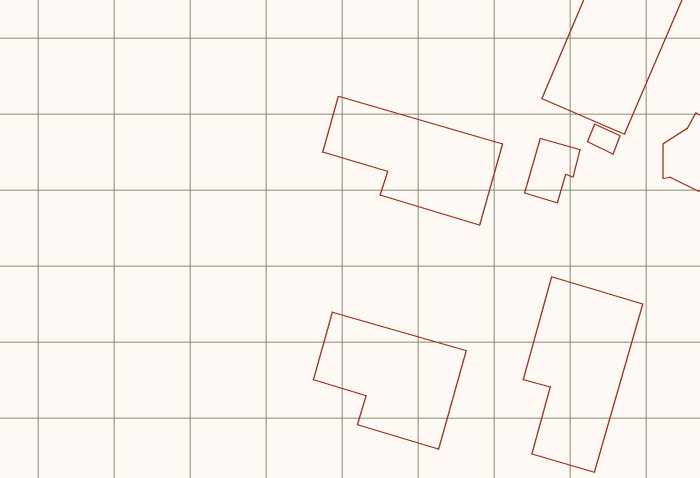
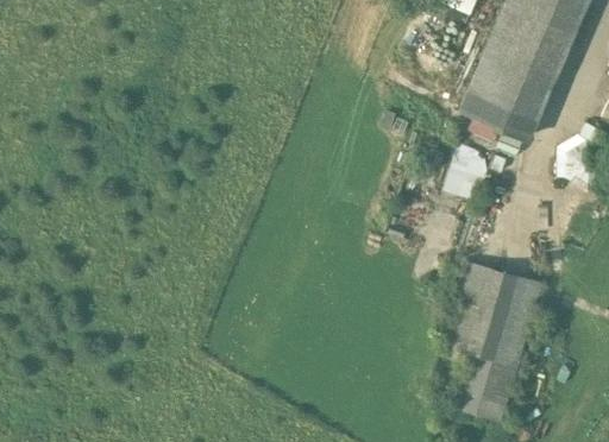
building: [323,96,502,225] -> none
building: [313,312,466,449] -> none

